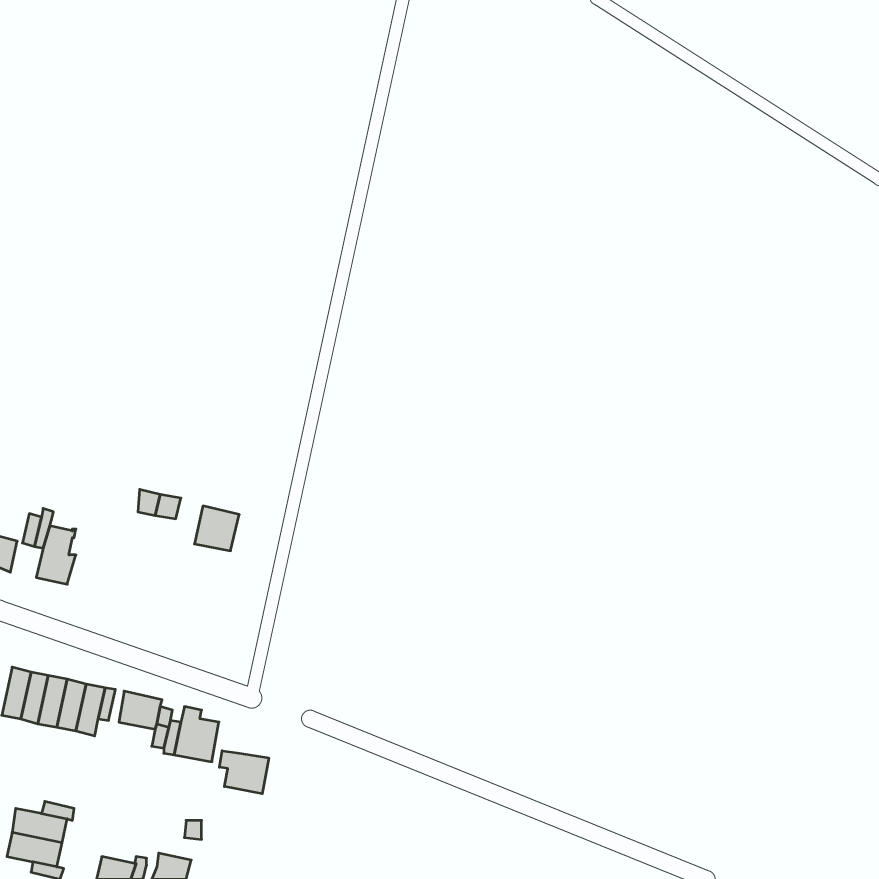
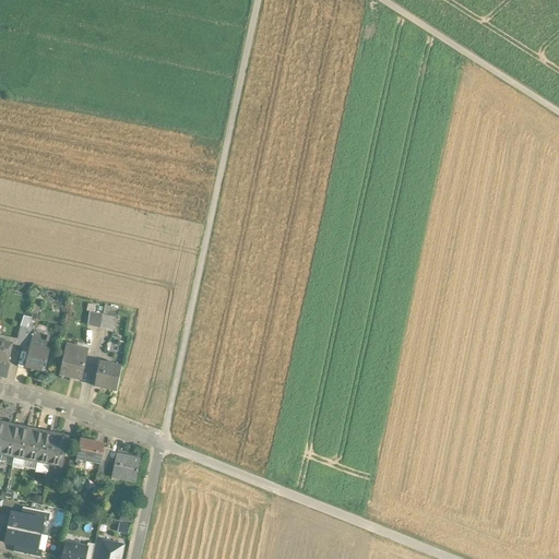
building: [194,506,239,551] -> [93,361,121,390]
building: none -> [59,344,86,377]
building: [219,751,269,794] -> none

